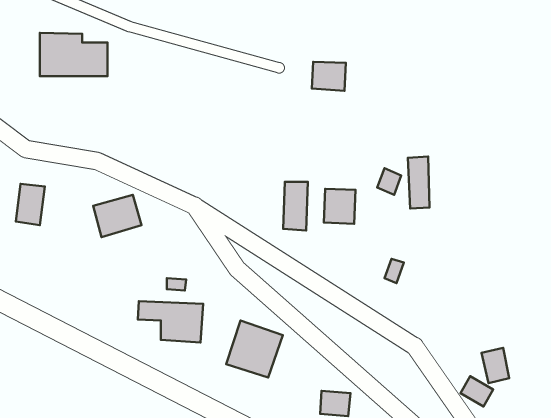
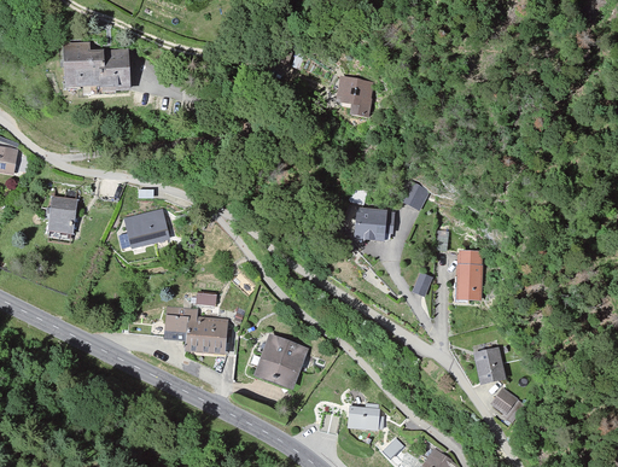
building: [408,157,429,209] -> [456,251,478,303]
building: [283,182,308,230] -> none
building: [481,348,509,383] -> [474,349,502,384]

